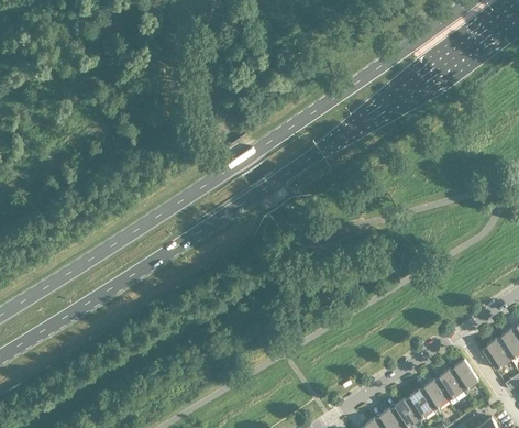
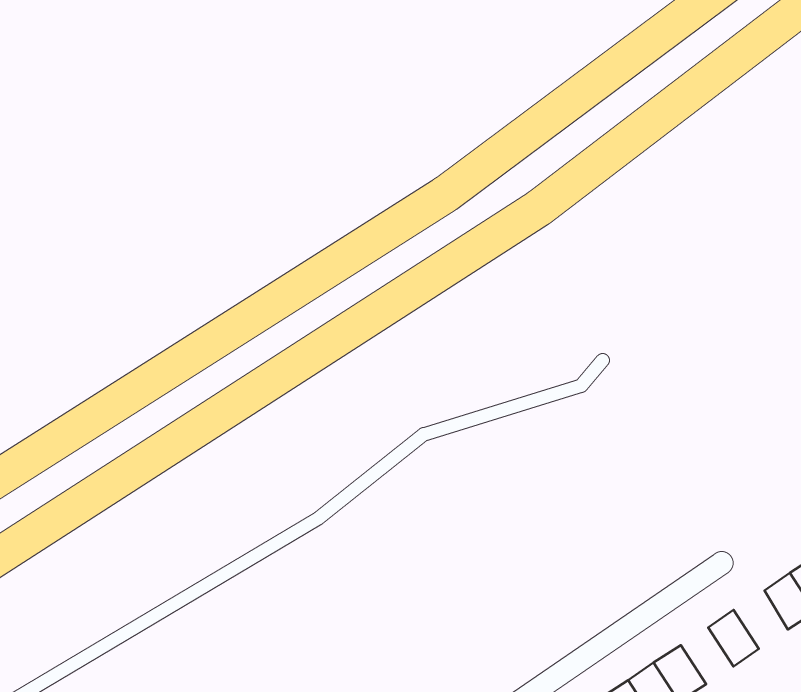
building: [434,370,464,402] -> none

